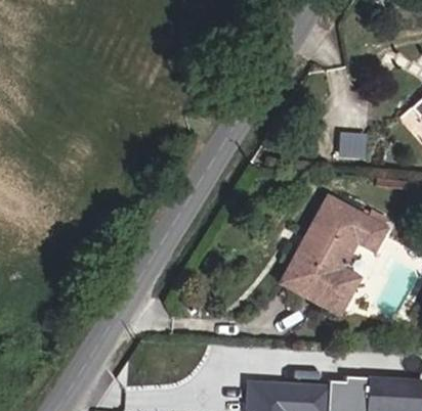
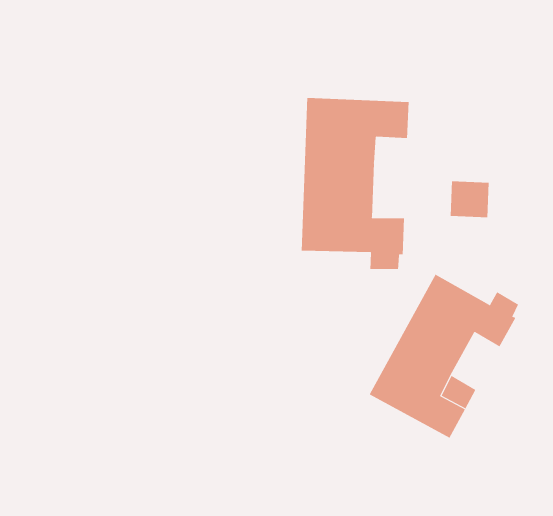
building: none -> [301,97,409,270]

